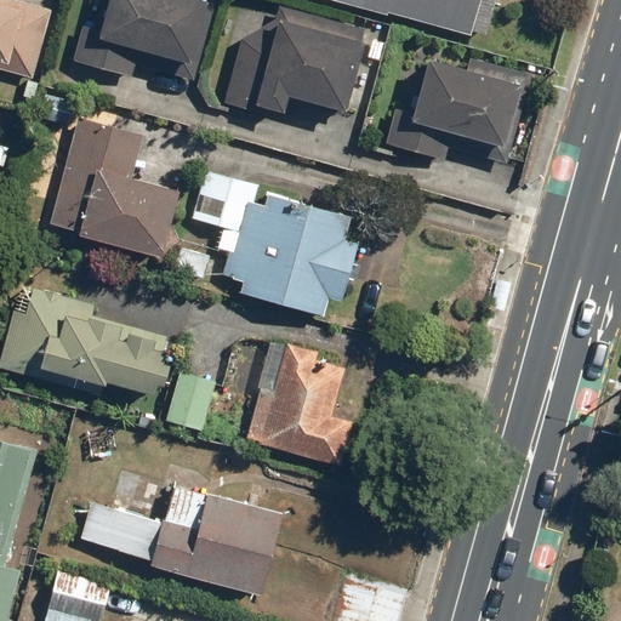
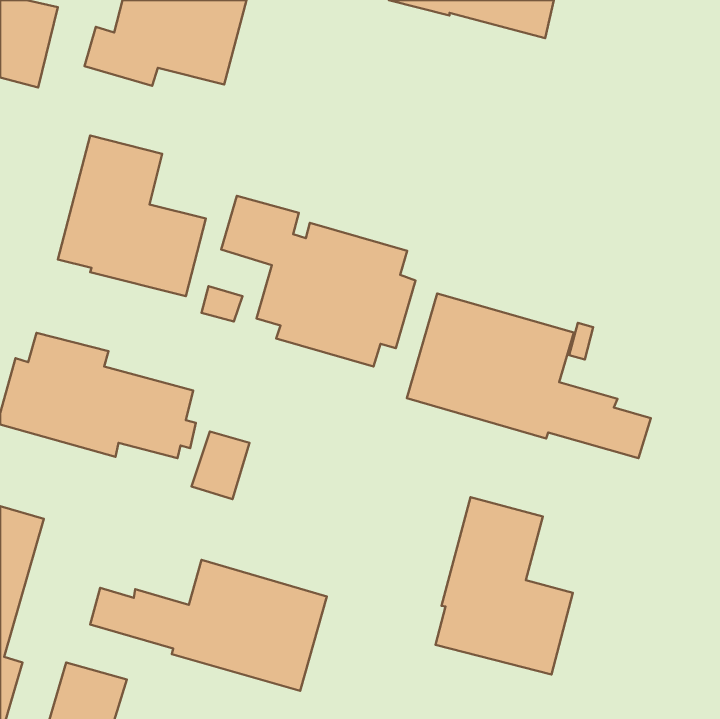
building: [223,6,365,113] -> none
building: [383,58,528,160] -> none
building: none -> [407,294,651,458]
building: [246,342,349,463] -> none
building: none -> [435,497,573,675]

